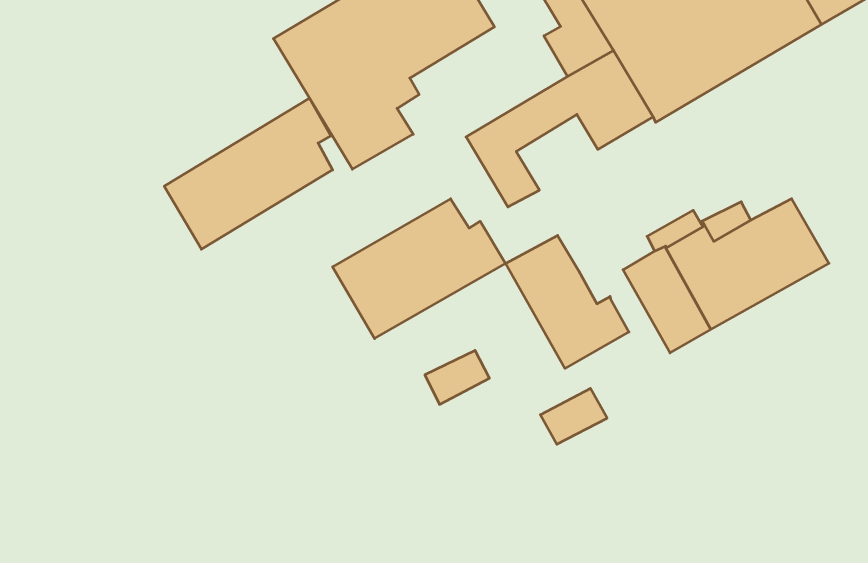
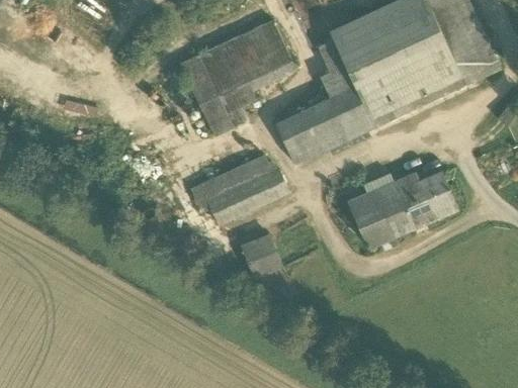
building: [164,98,333,249] -> none
building: none -> [300,117,344,155]
building: [506,235,629,368] -> none
building: [540,388,607,444] -> [248,250,282,277]

